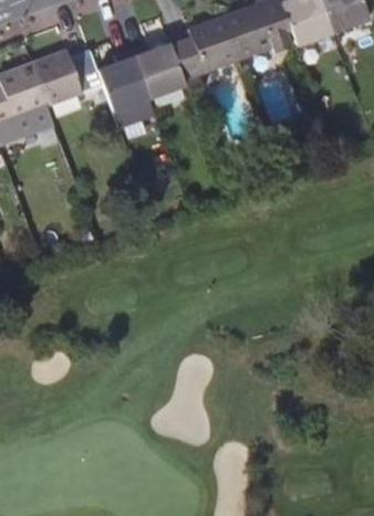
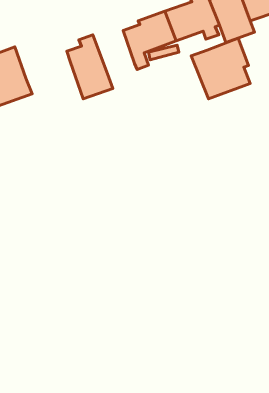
building: [134,42,187,97] -> none
building: [34,49,105,103] -> none
building: none -> [191,38,250,99]

